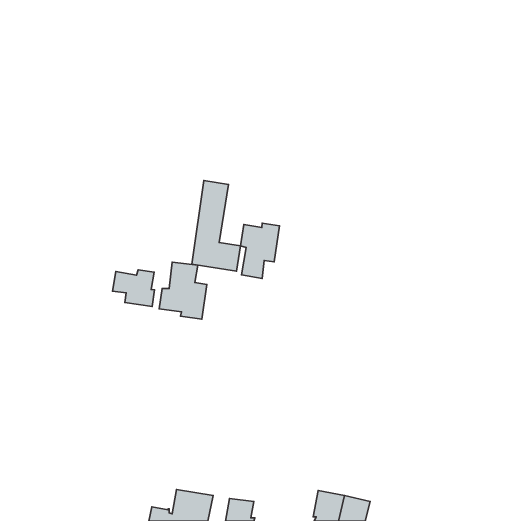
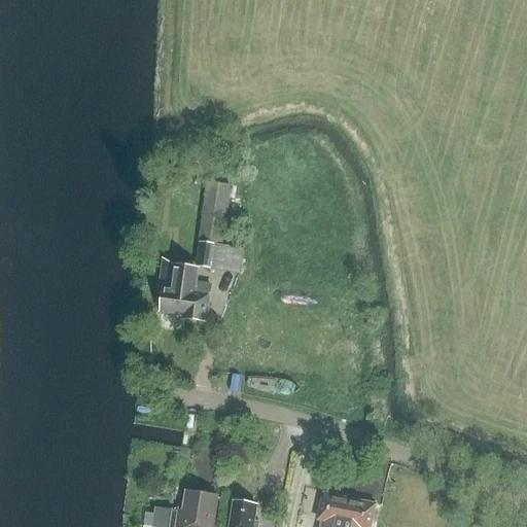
building: [241,223,280,279] -> none
building: [112,270,155,306] -> none

